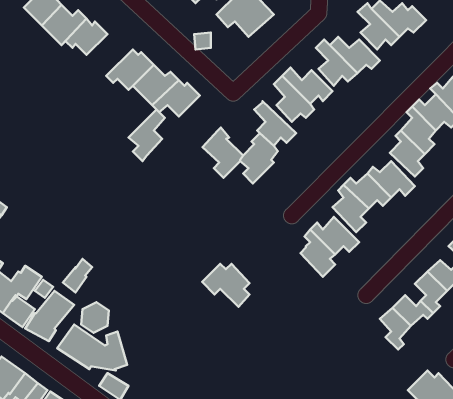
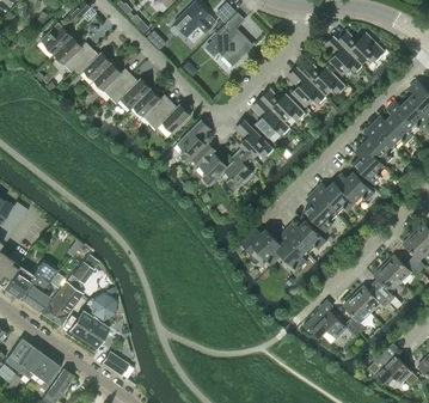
building: none -> [93,62,133,98]
building: [129,110,165,161] -> [177,120,208,164]
building: [202,264,250,307] -> [240,228,281,265]
building: none -> [304,311,360,343]

